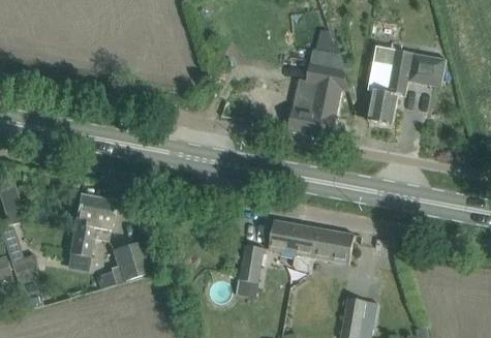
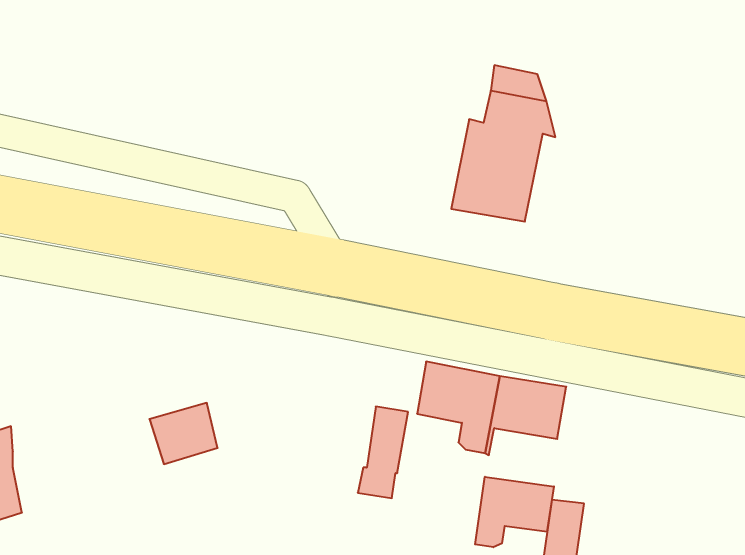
building: [368,44,446,124] -> none
building: [68,194,115,256] -> none
building: none -> [475,477,554,547]

